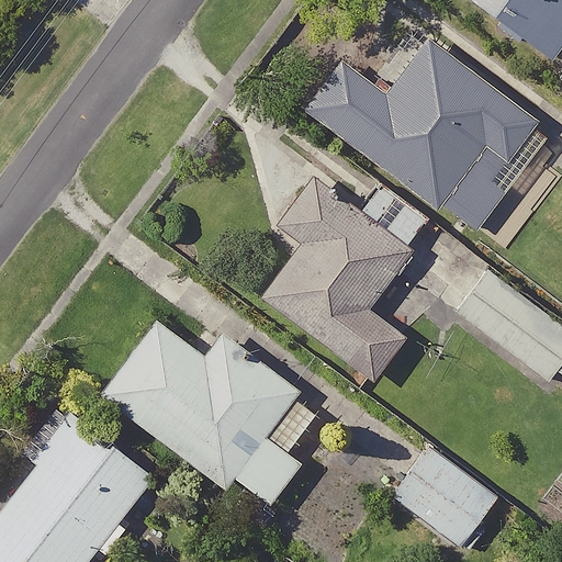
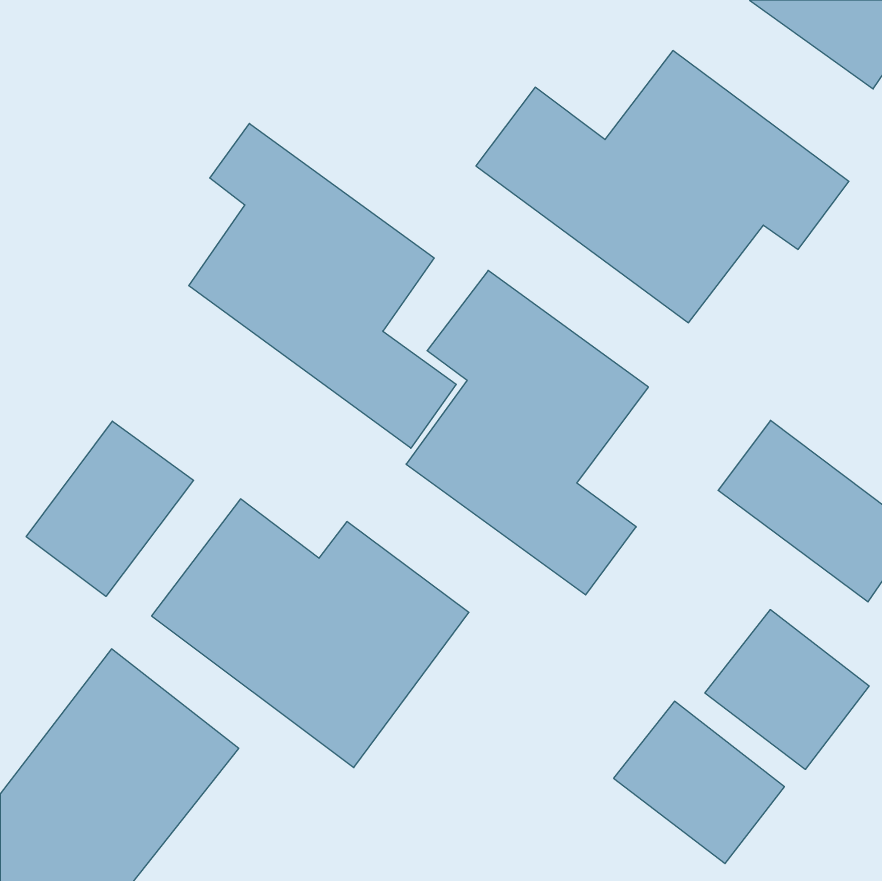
building: none -> [189,123,456,448]
building: none -> [26,421,194,596]
building: none -> [705,610,869,769]

